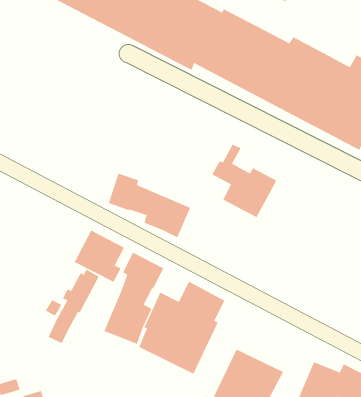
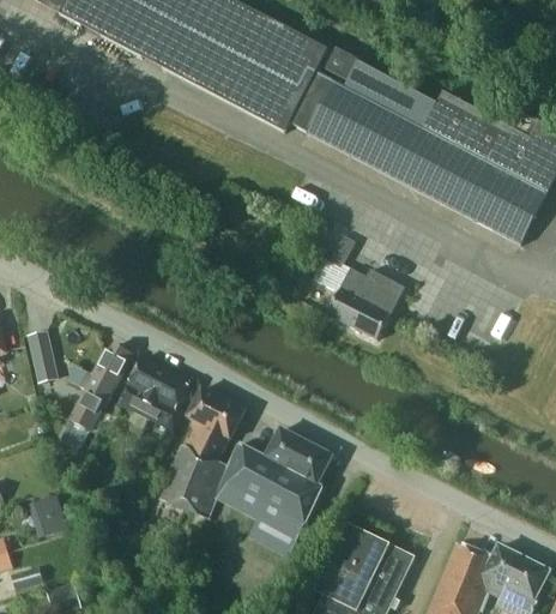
building: [108,173,191,238] -> none
building: none -> [26,330,58,381]
building: [48,269,100,344] -> [60,344,133,450]
building: none -> [28,494,67,537]

